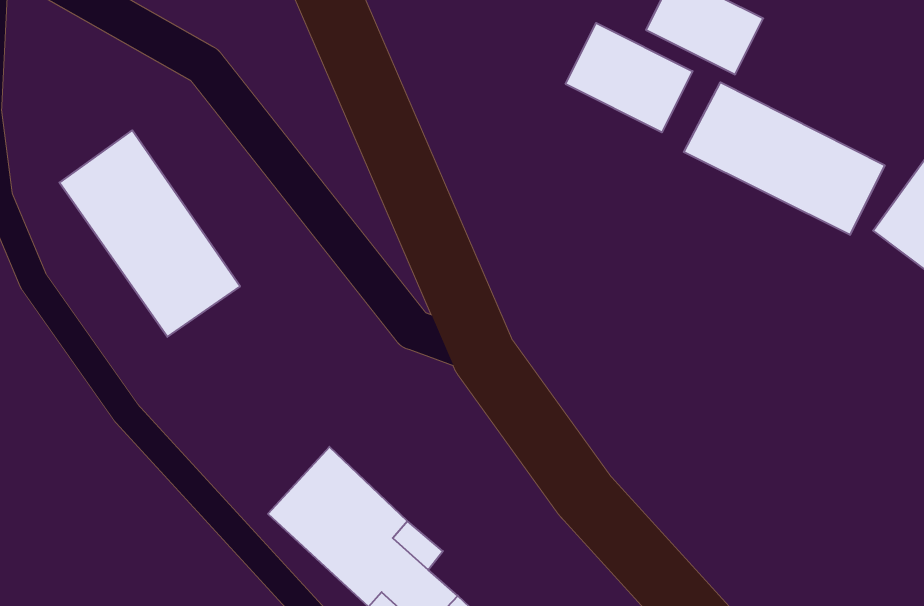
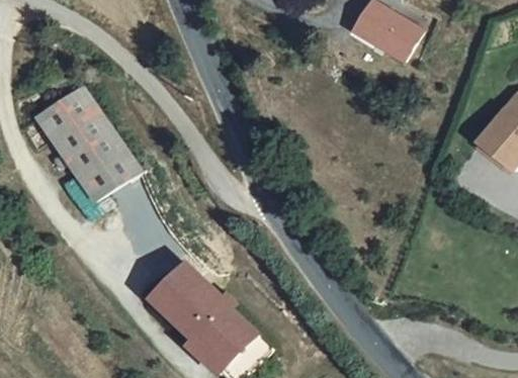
building: [566,23,693,132] -> none
building: [684,82,885,235] -> none

